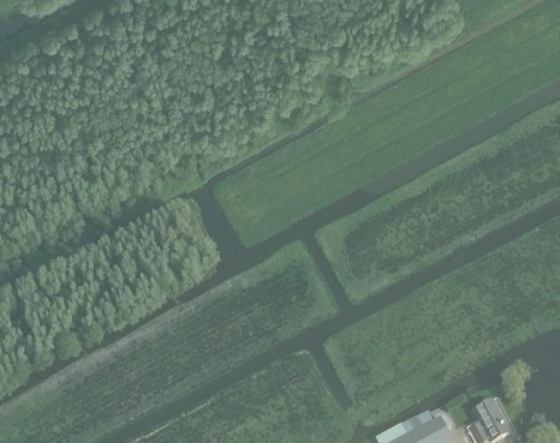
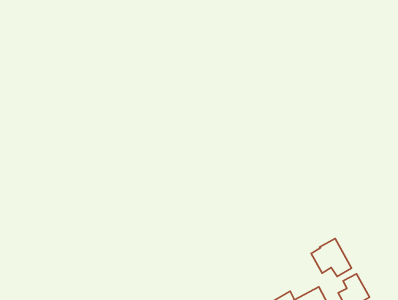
building: none -> [311,239,352,276]

